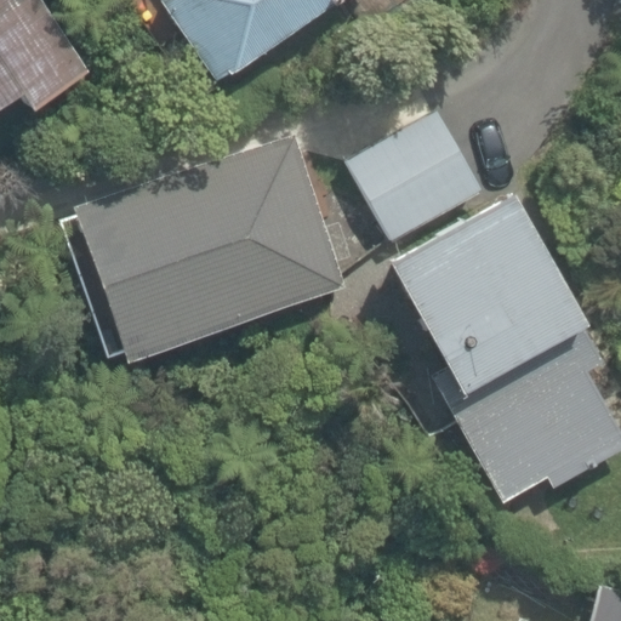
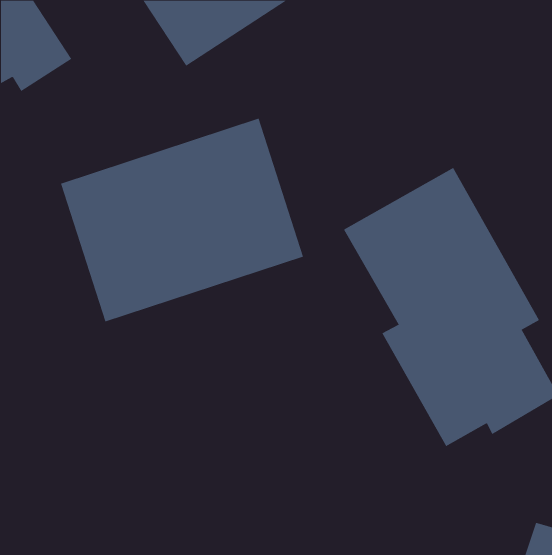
building: [348,112,478,241] -> none

